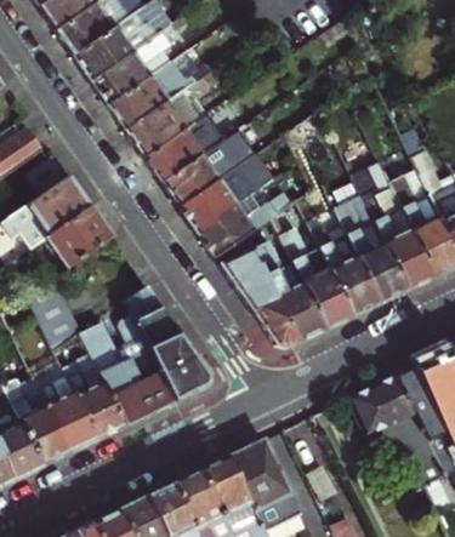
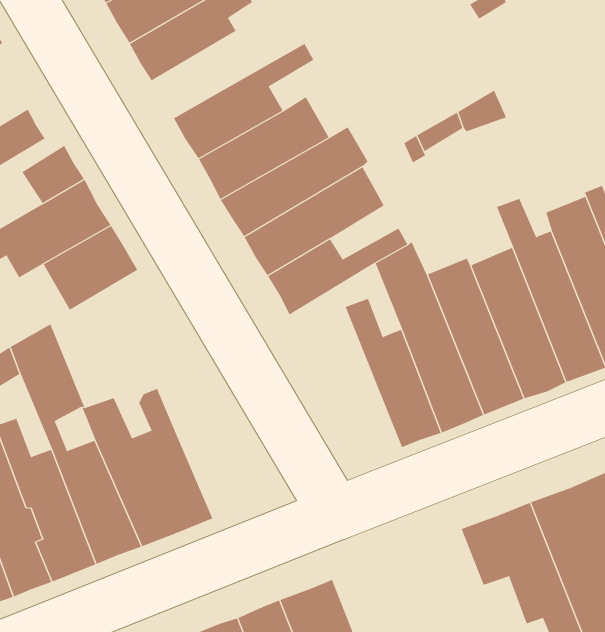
building: [112,62,215,130] -> none
building: [218,236,302,349] -> none
building: [125,286,211,401] -> none

